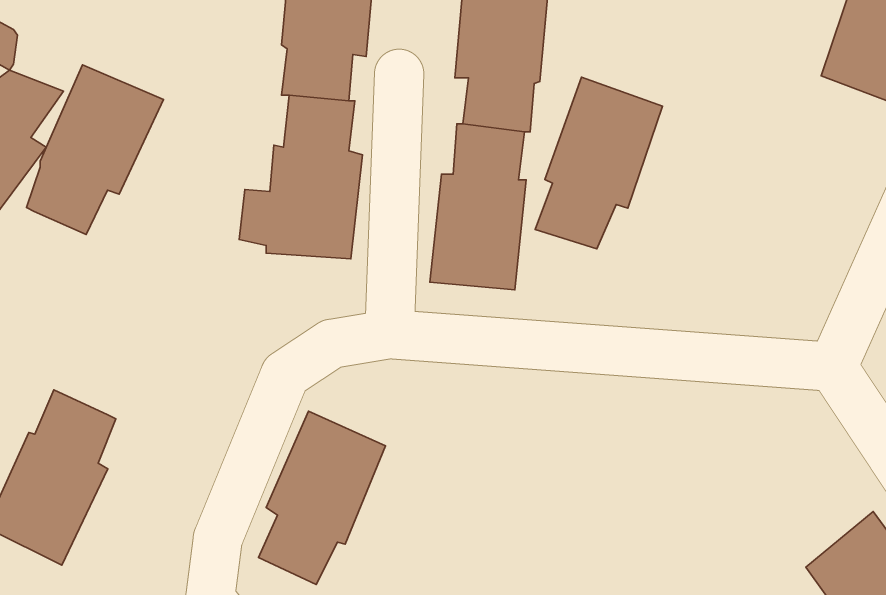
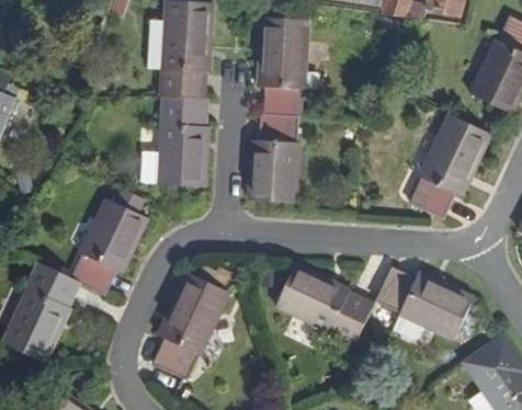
building: [27,65,163,235] -> [66,195,144,292]
building: [535,77,663,249] -> [423,106,496,204]
building: none -> [268,275,364,351]
building: none -> [366,277,465,351]

